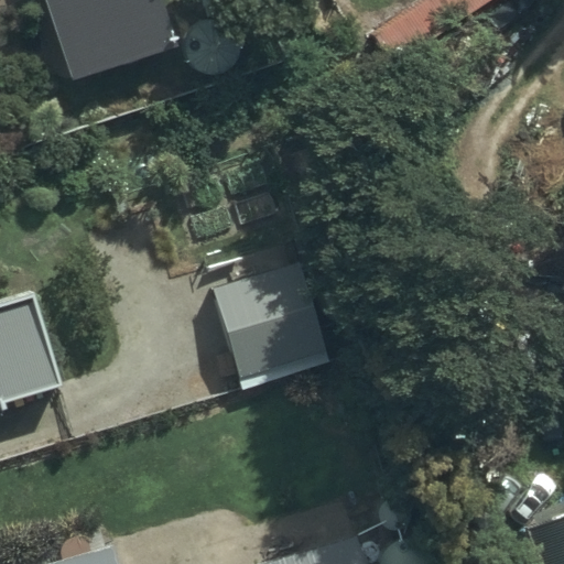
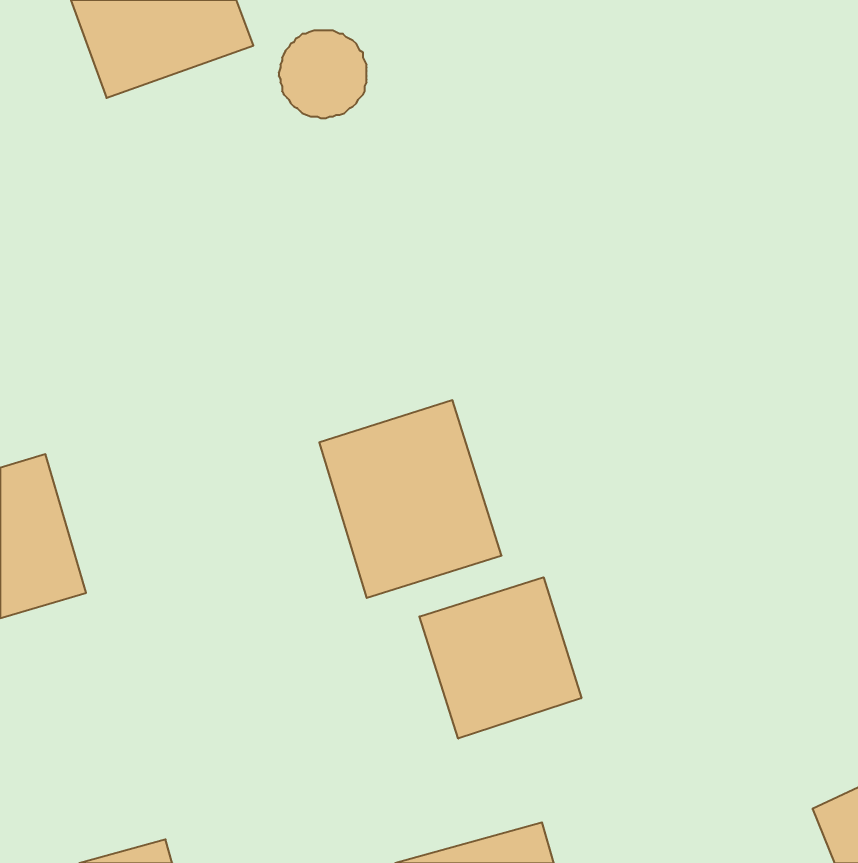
building: none -> [419,577,581,739]

